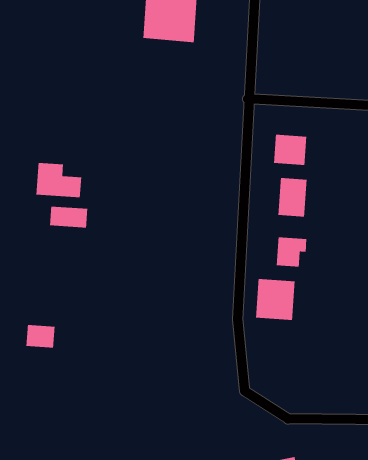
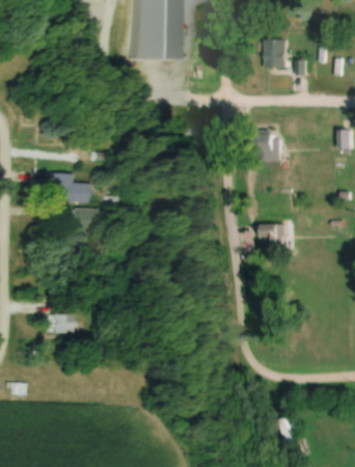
building: none -> [264,40,285,68]
building: [278,177,307,217] -> none
building: [255,278,295,321] -> none

